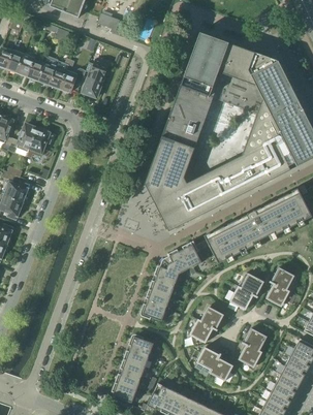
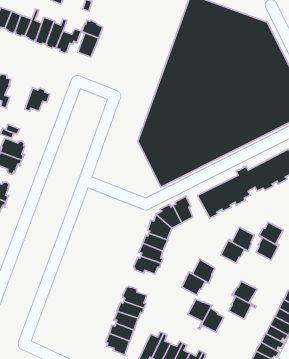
building: [8,125,36,152] -> none

